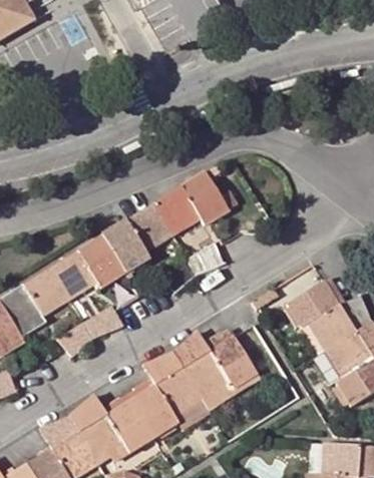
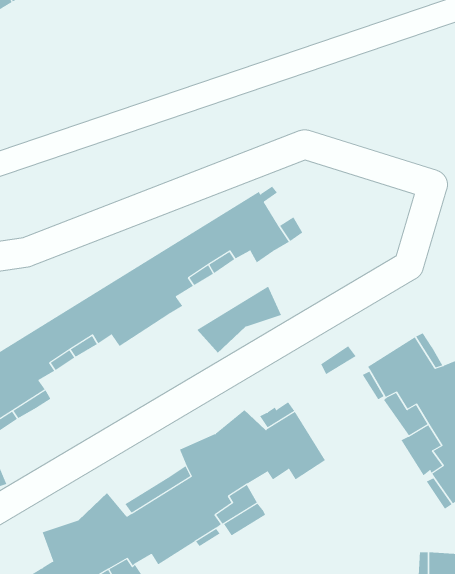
building: [56,305,120,357] -> none
building: [197,373,260,410] -> none

